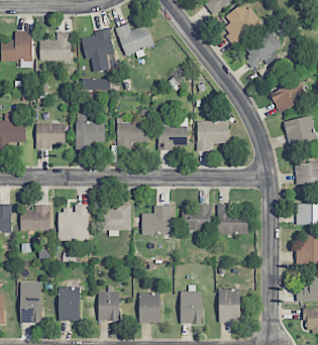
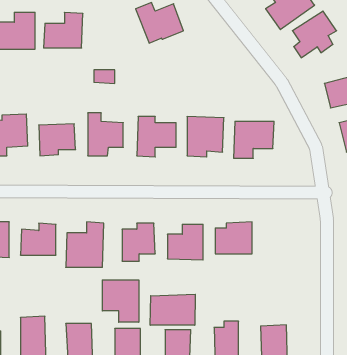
building: [83,28,116,67] -> none
building: [217,204,248,235] -> none
building: none -> [102,280,139,322]
building: none -> [150,294,195,325]

